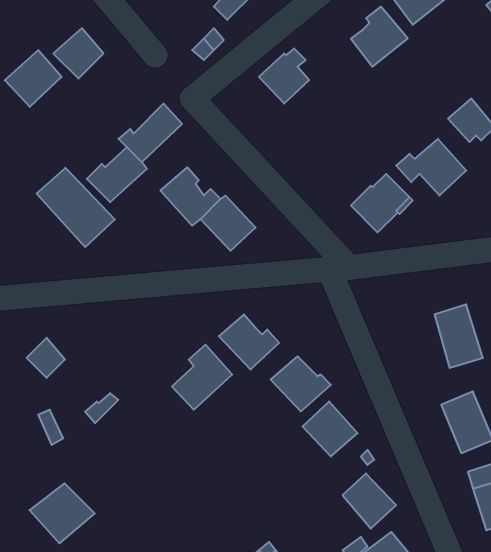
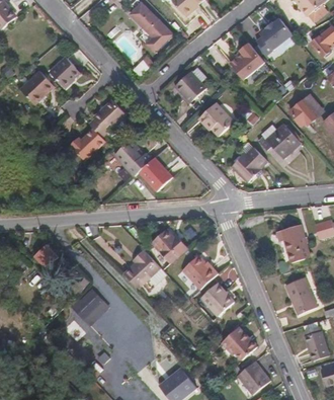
building: none -> [198,105,232,137]
building: [37,168,115,247] -> none
building: [29,483,95,543] -> [70,289,109,325]

